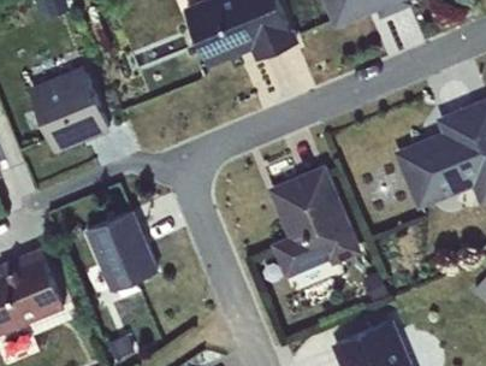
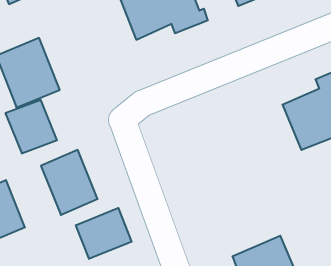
building: none -> [6,100,57,154]
building: [267,165,362,278] -> none
building: none -> [76,208,132,259]

